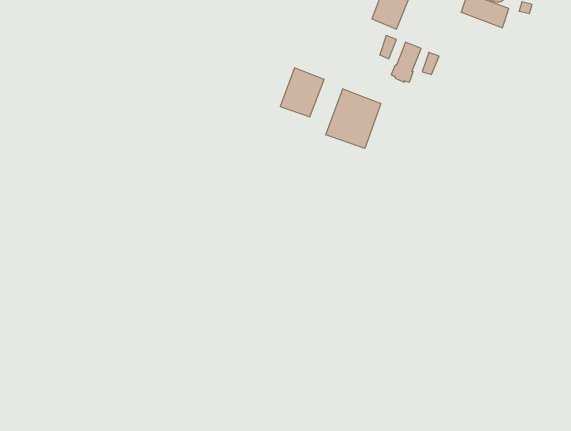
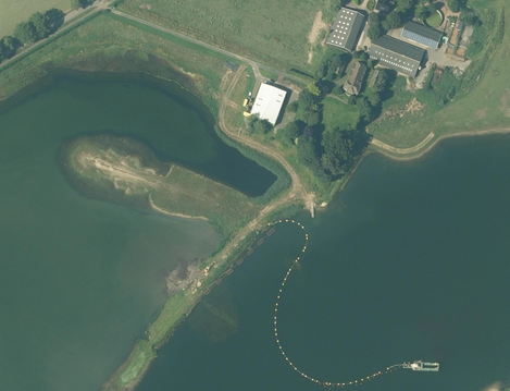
building: none -> [368,30,425,75]
building: [326,89,381,148] -> none

